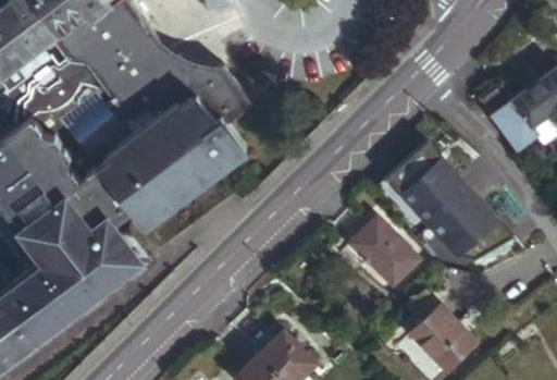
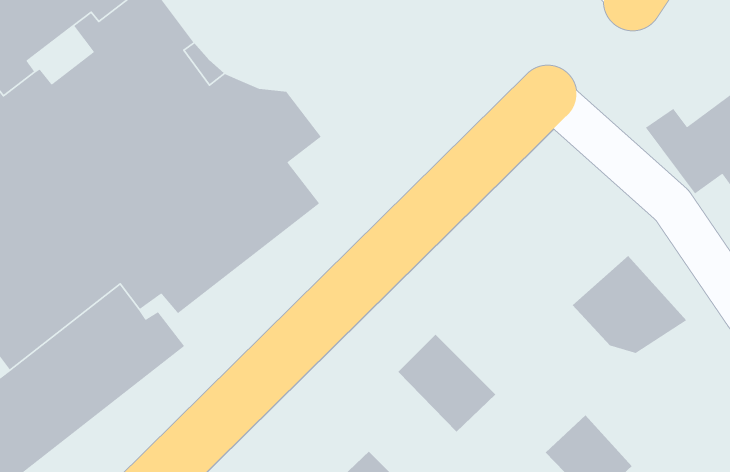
building: [386,144,470,228] -> none
building: [350,217,421,287] -> [397,334,496,432]

